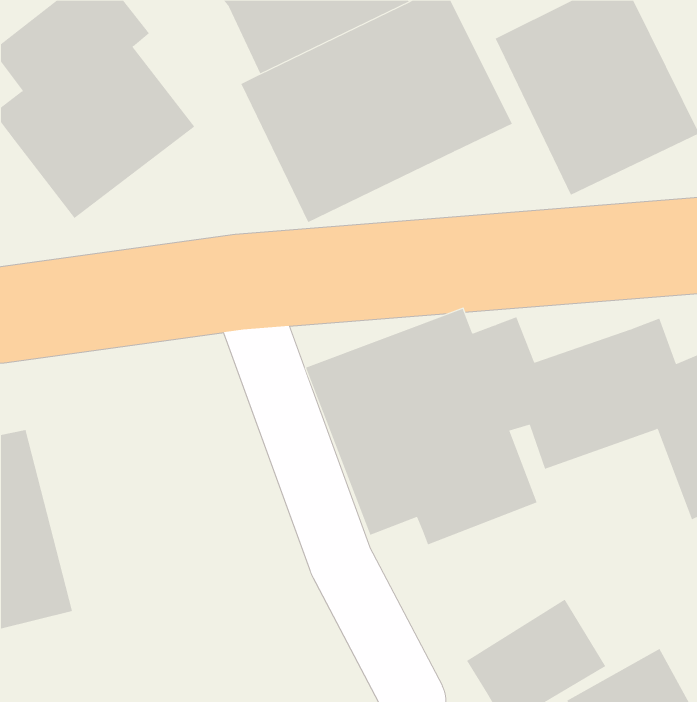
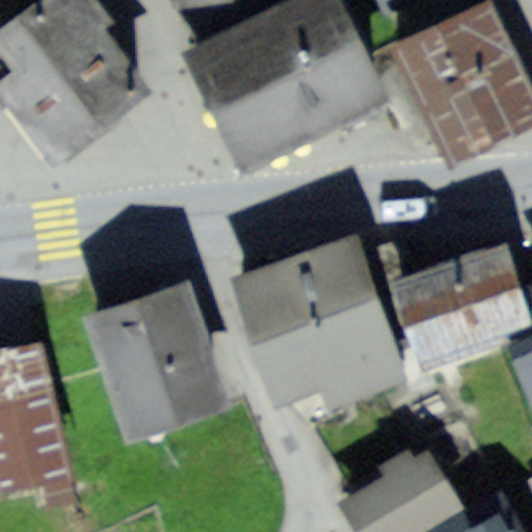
building: none -> [88,288,223,434]

